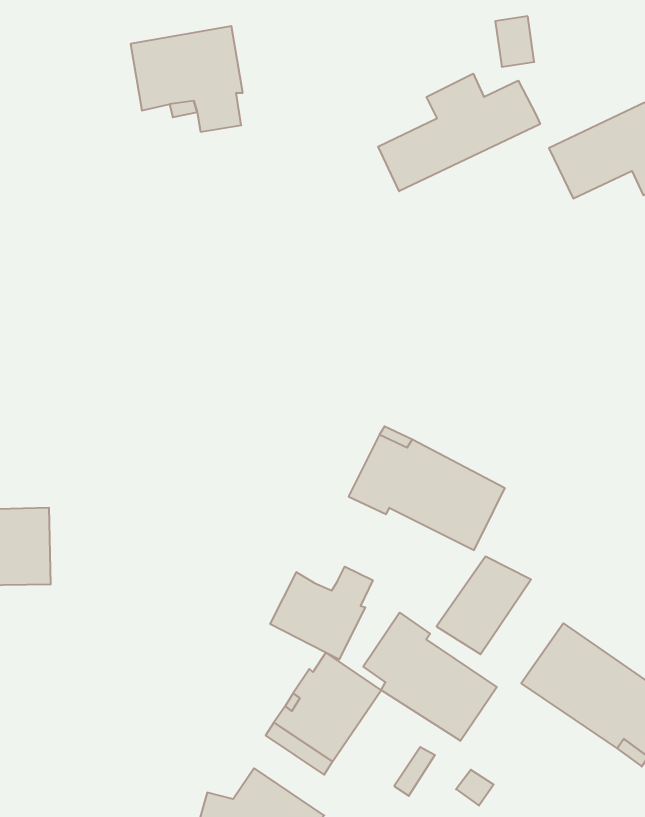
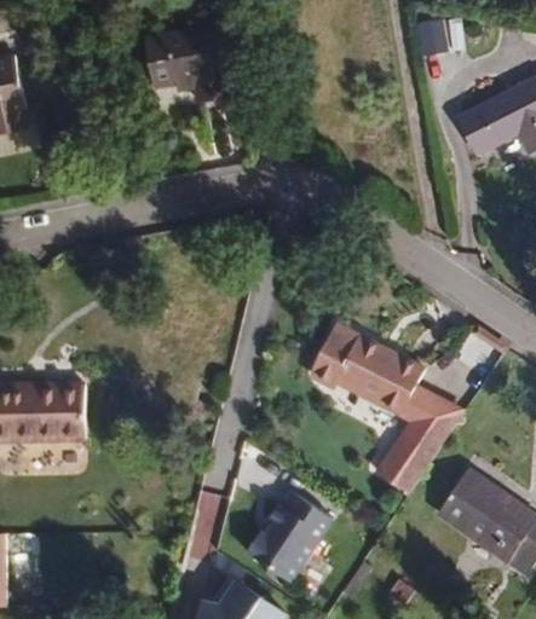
building: [378,74,540,191] -> none
building: none -> [402,386,461,436]
building: [270,567,373,659] -> none
building: [363,613,497,741] -> none

